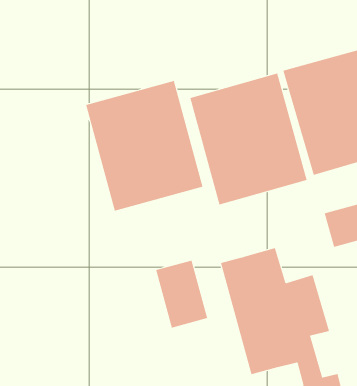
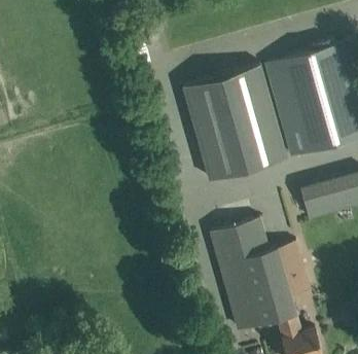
building: [85,80,203,212] -> none
building: [155,260,208,329] -> none

